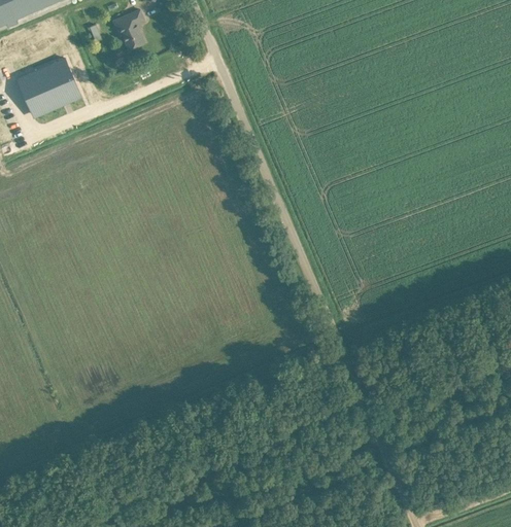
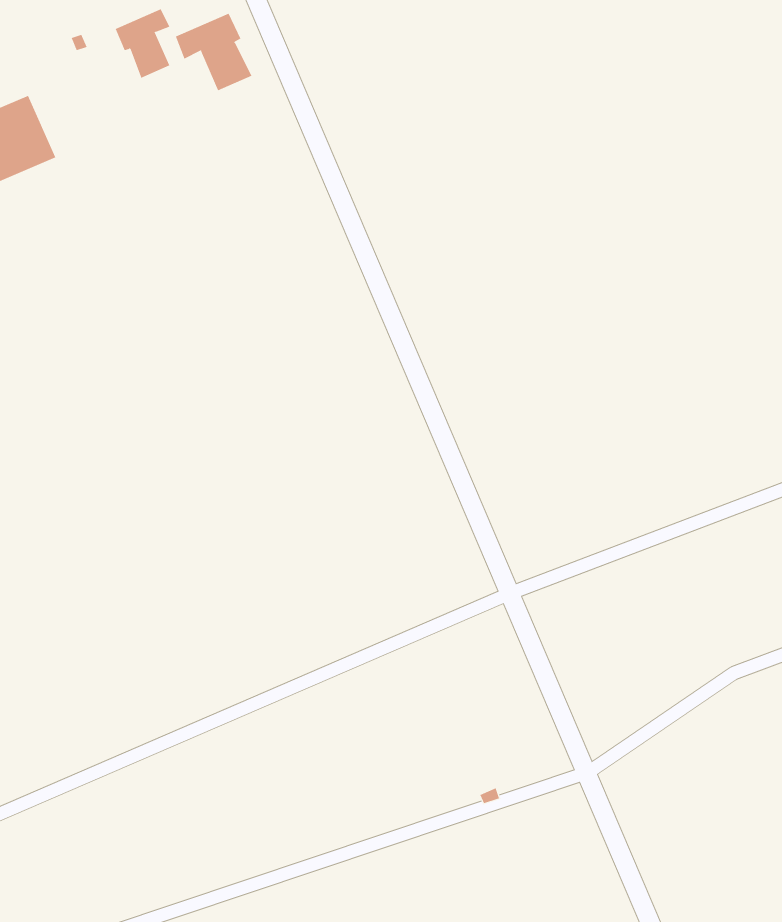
building: none -> [175,13,252,91]

